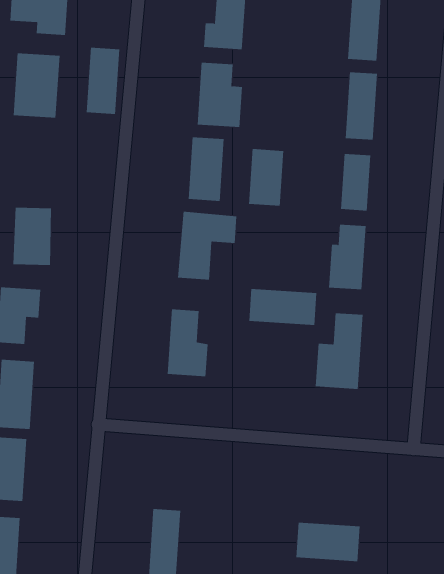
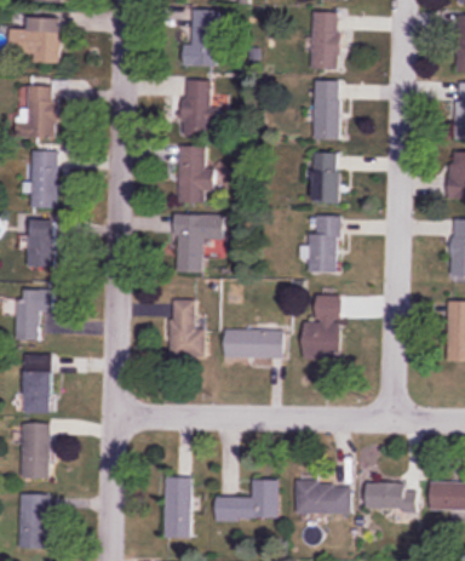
building: [86,47,120,115] -> [31,149,58,207]
building: [249,148,284,207] -> none
building: [248,288,317,325] -> [224,328,283,357]
building: none -> [214,479,277,520]
building: none -> [364,480,414,509]

